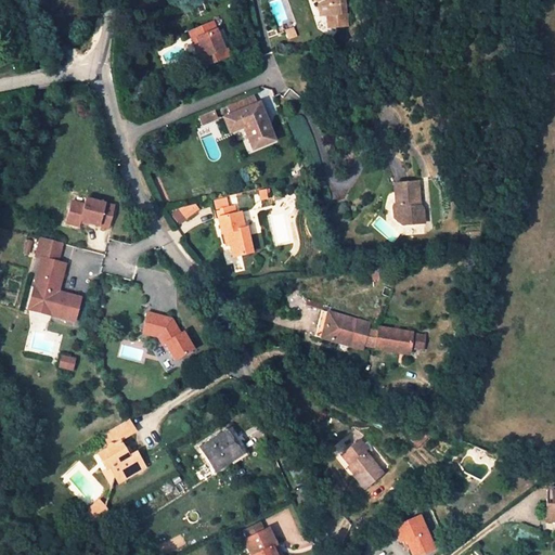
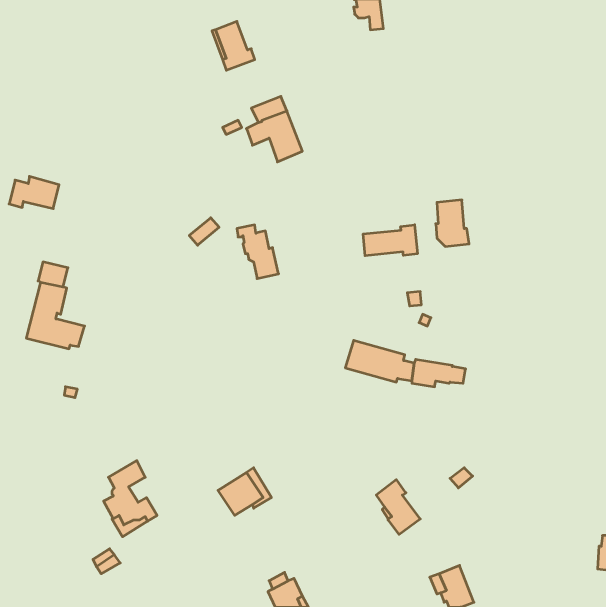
building: [64,197,109,227] -> [9,176,59,209]
building: none -> [363,225,417,256]
building: [140,317,189,362] -> none

